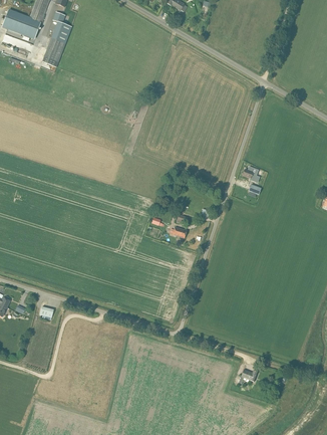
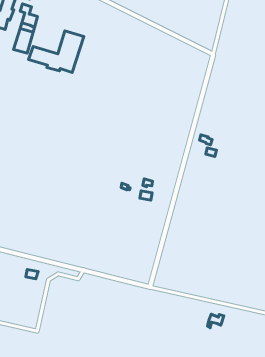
building: none -> [28,31,84,72]

